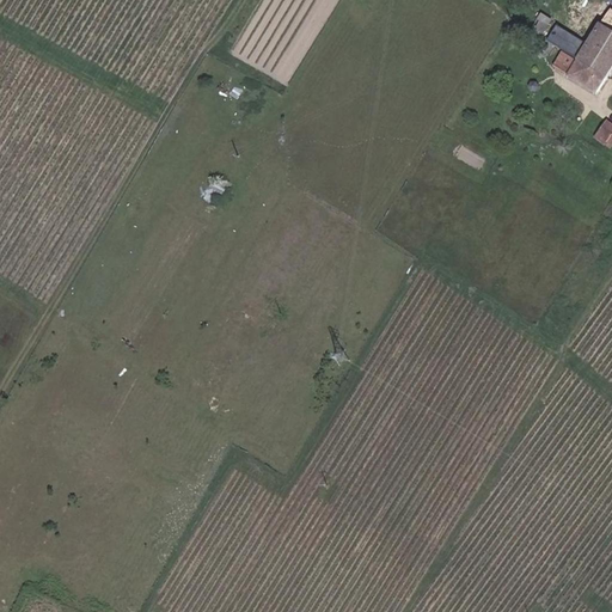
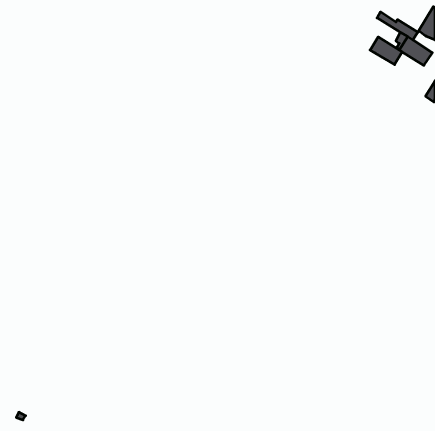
building: none -> [370,37,402,65]

